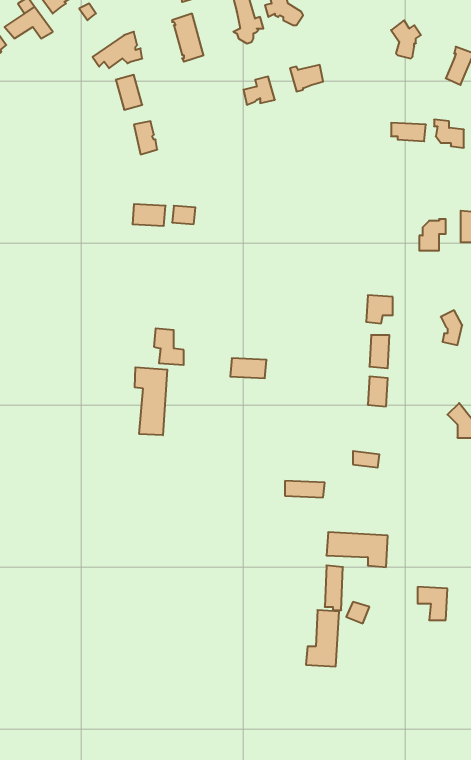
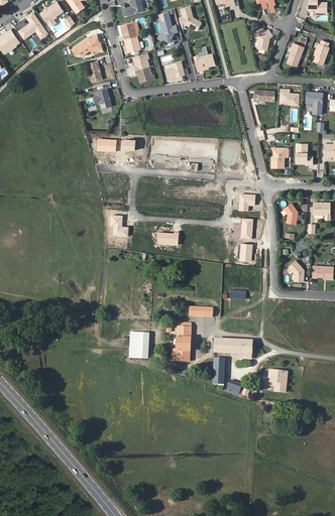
building: none -> [132,53,153,83]
building: [135,367,167,435] -> none
building: none -> [128,333,149,359]
building: [306,610,339,666] -> [171,327,191,361]

